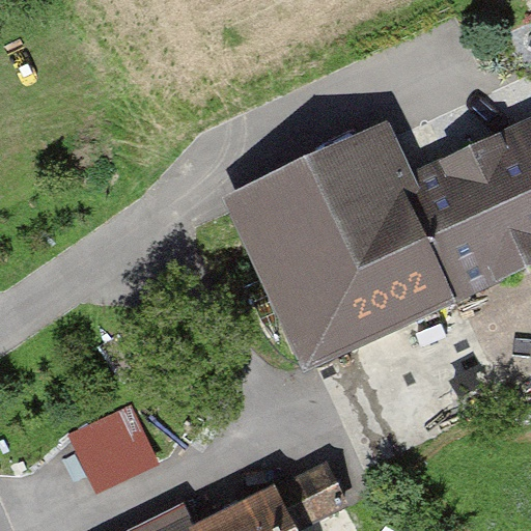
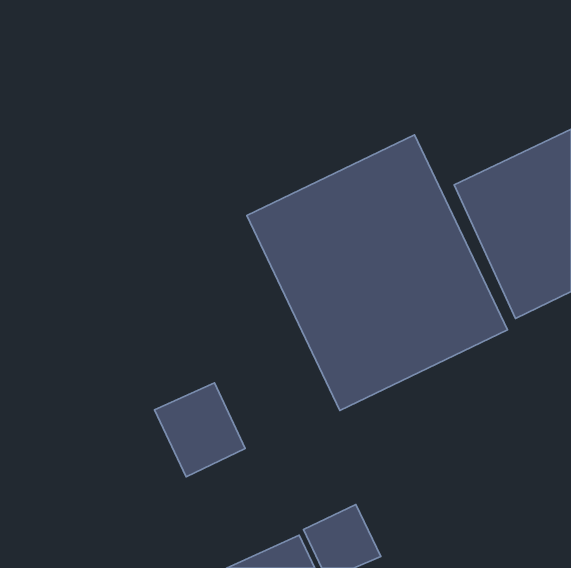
building: [68,399,151,485] -> [154,383,245,477]

